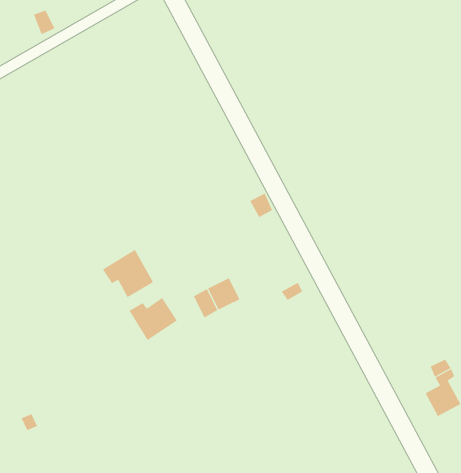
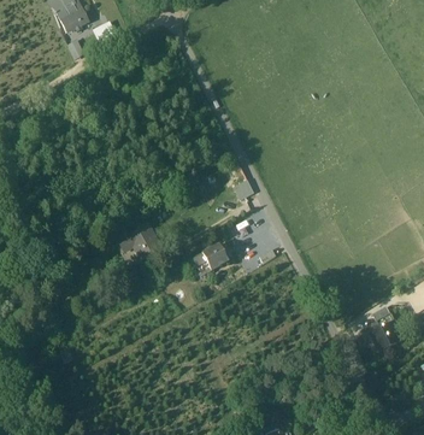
building: [129,297,177,341] -> none

